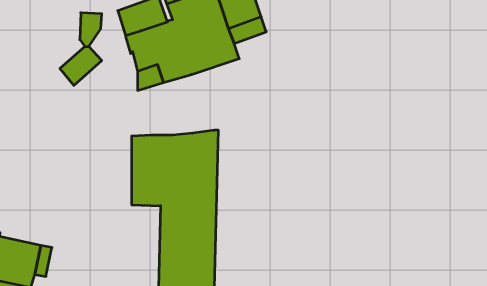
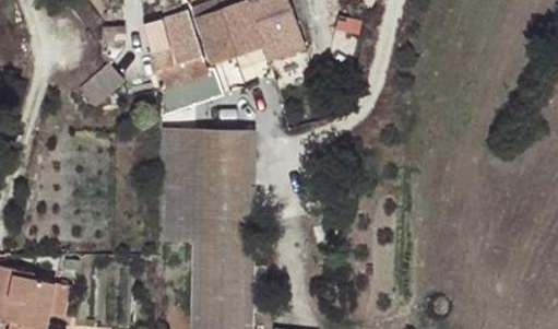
building: none -> [158,130,254,163]

